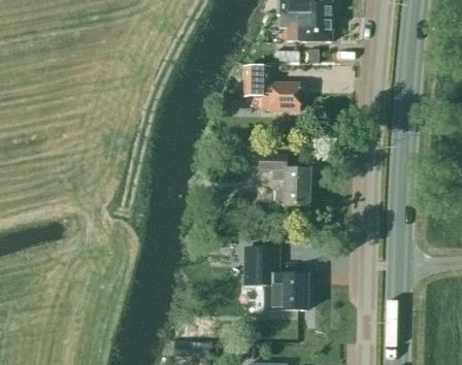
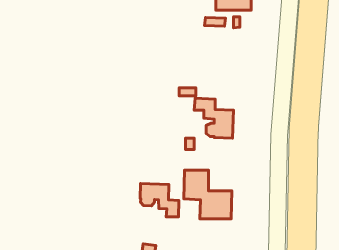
building: [244,66,300,109] -> none
building: none -> [140,183,179,217]

